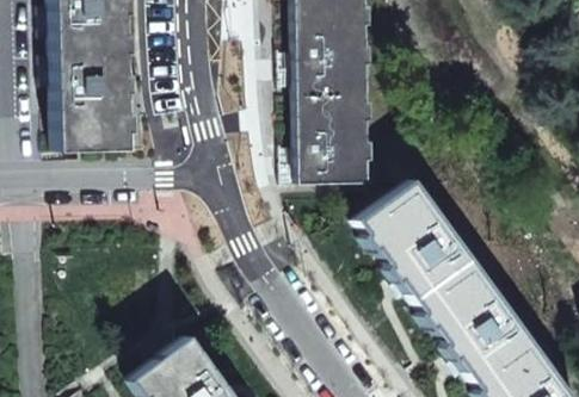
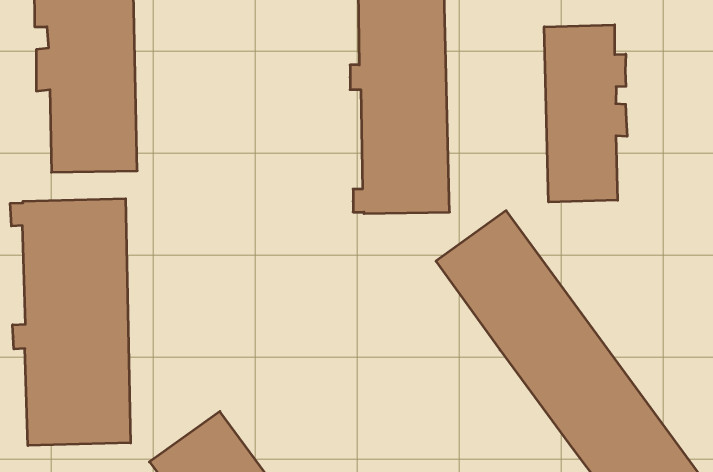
building: none -> [544,25,627,202]
building: none -> [10,199,131,446]

